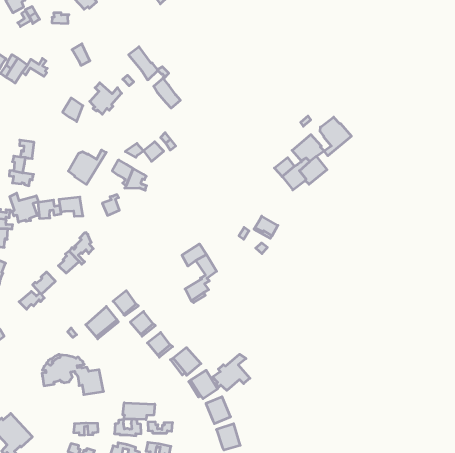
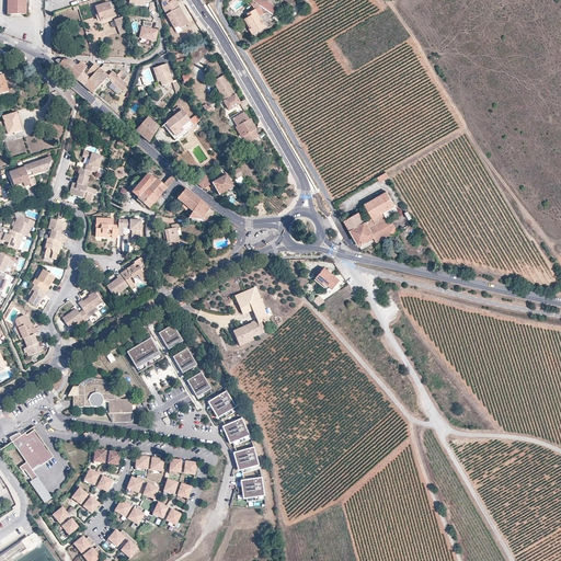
building: [320,117,351,156] -> none
building: [10,193,38,222] -> none
building: [213,354,250,390] -> none
building: [123,403,155,420] -> none

